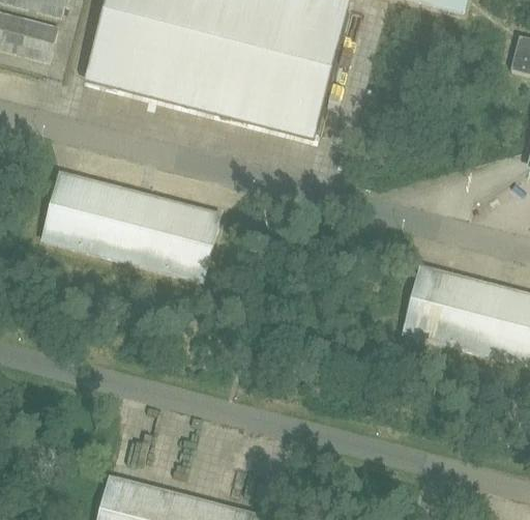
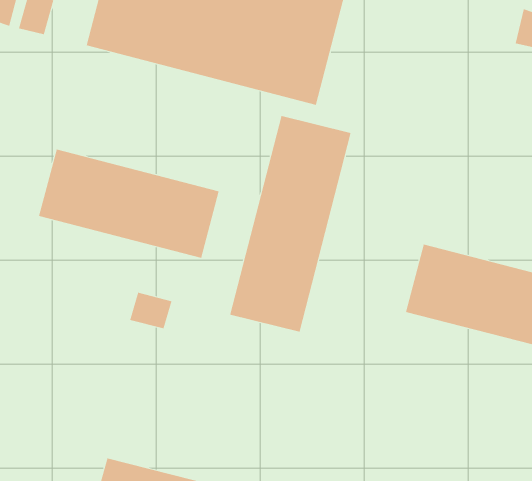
building: none -> [229,115,351,333]
building: none -> [130,292,172,329]

